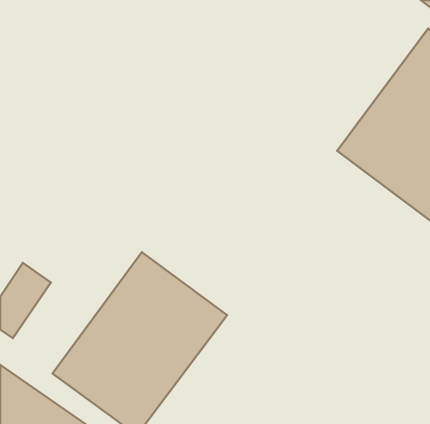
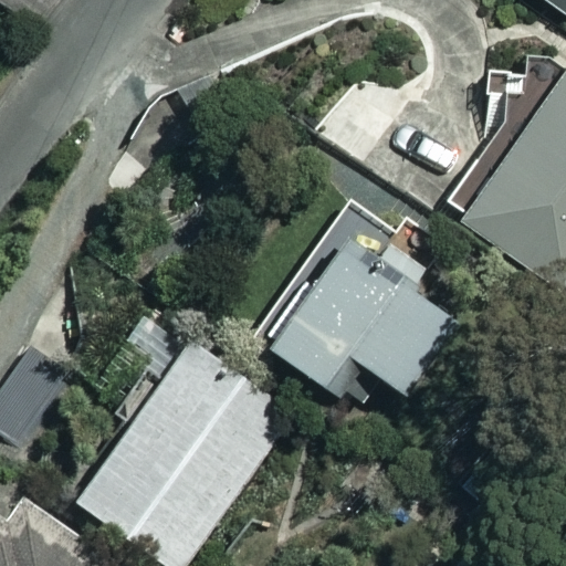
building: none -> [262,228,460,407]

